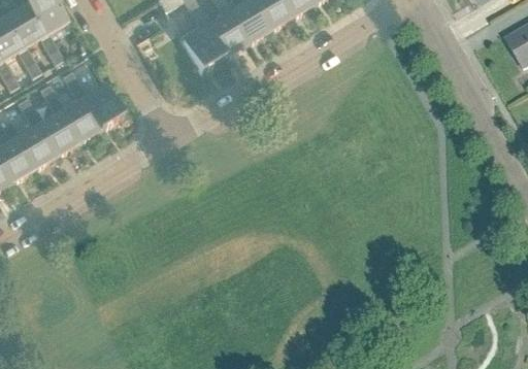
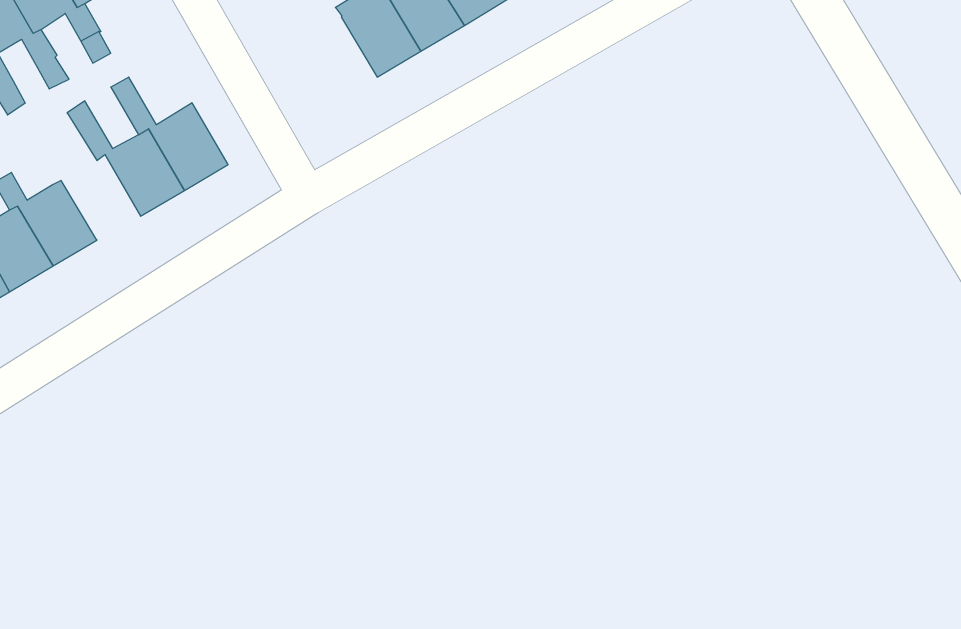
building: [19,96,78,155] -> none

